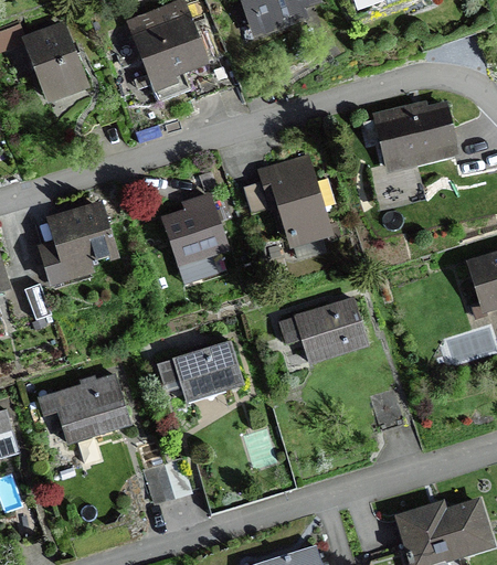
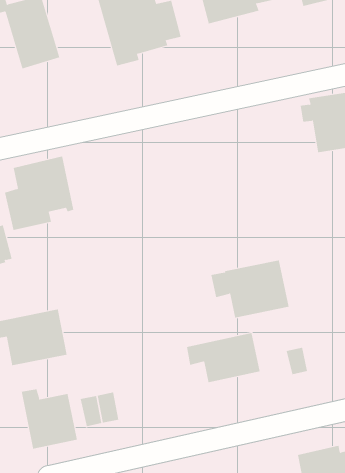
building: [243,153,341,262] -> none
building: [161,171,232,271] -> none
building: [154,340,240,401] -> [186,332,261,383]
building: none -> [21,388,77,449]

